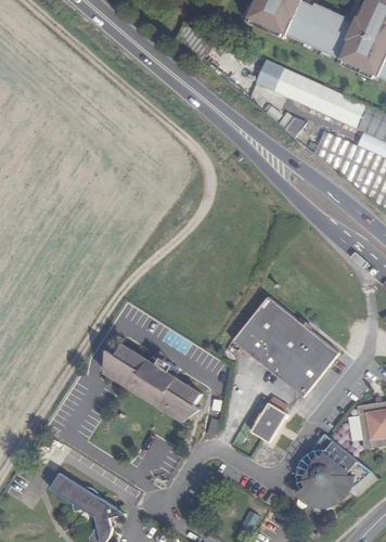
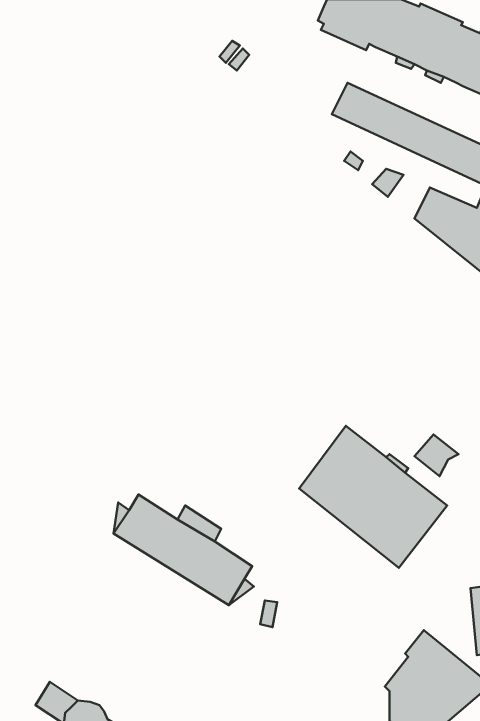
building: none -> [414,434,458,476]
building: [248,402,285,441] -> none

